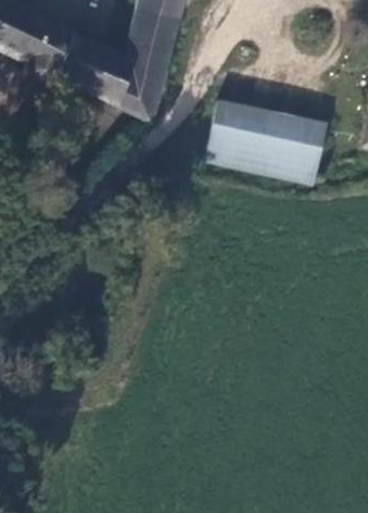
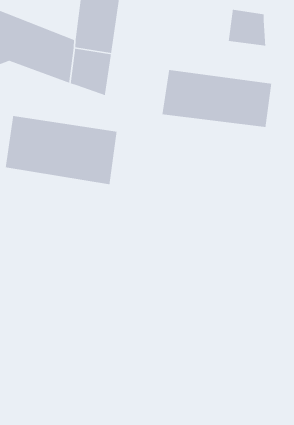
building: none -> [228,9,266,47]
building: none -> [5,115,117,185]

